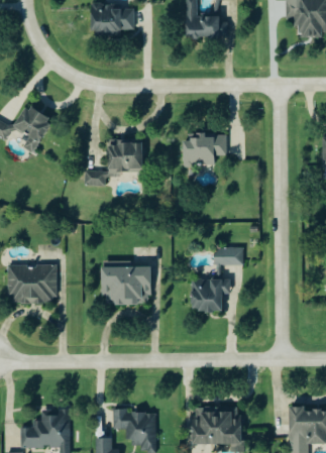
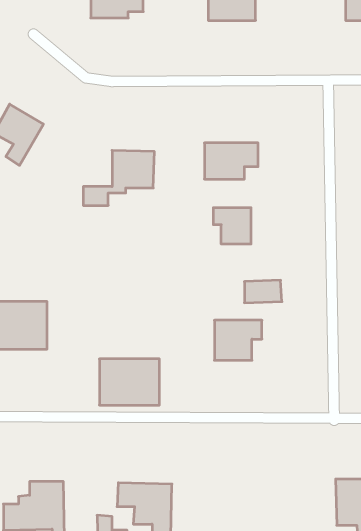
building: none -> [213,208,251,244]
building: [101,265,149,303] -> [99,359,159,405]
building: [192,407,240,443] -> none

